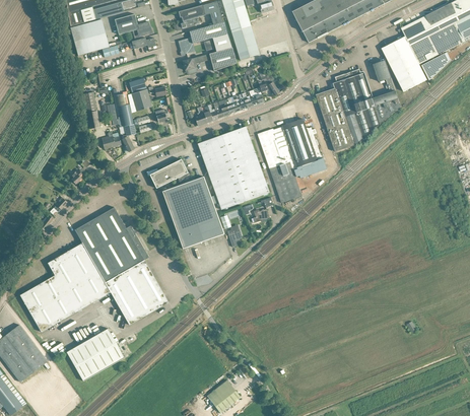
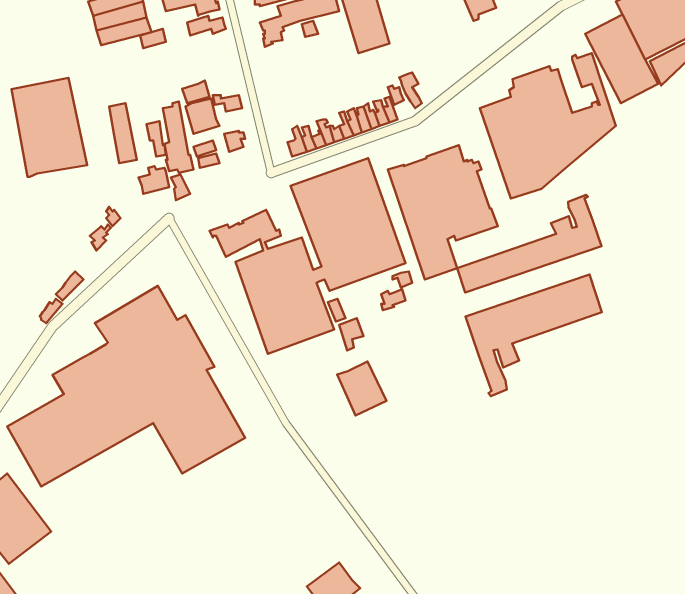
building: [183,47,237,75] -> none
building: none -> [11,78,87,177]
building: none -> [457,195,602,292]
building: none -> [465,275,602,396]
building: none -> [337,361,387,416]
building: [67,328,125,380] -> none

